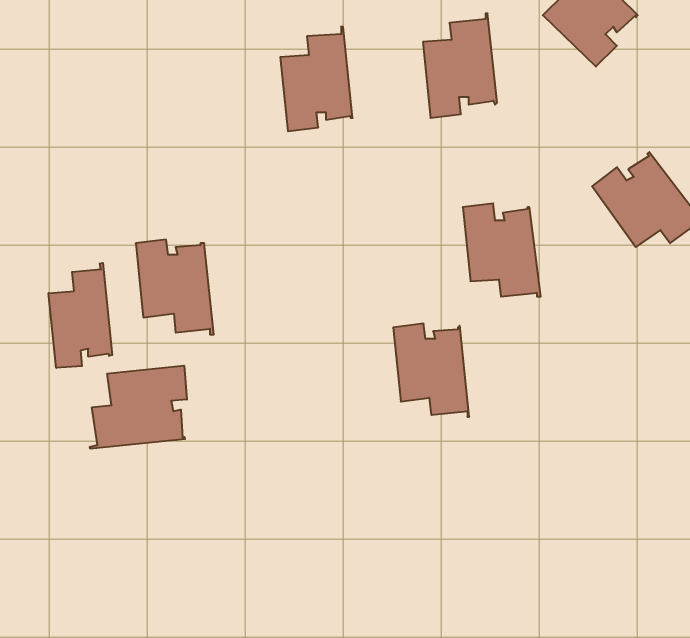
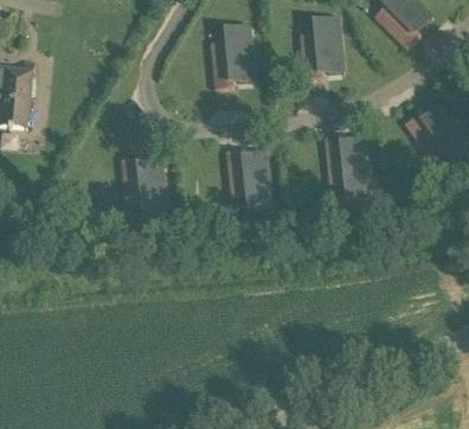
building: [49,263,112,368] -> none
building: [393,324,469,417] -> [225,148,272,206]
building: [90,366,187,449] -> none

